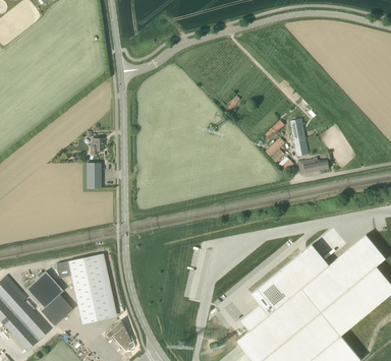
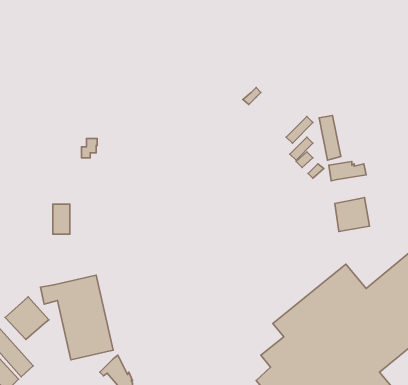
building: [87,163,101,188] -> [53,204,70,234]
building: none -> [335,197,370,231]
building: [41,294,73,325] -> none

